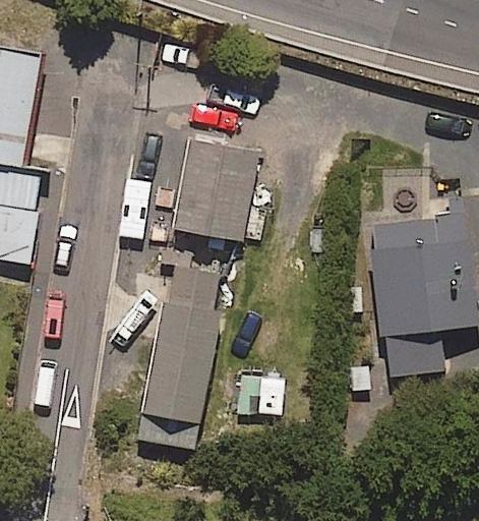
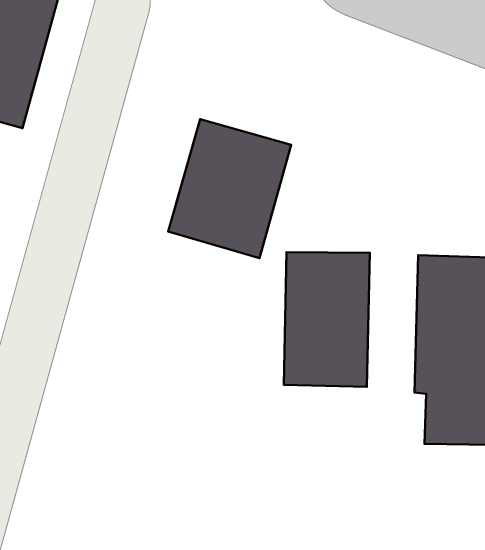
building: none -> [284,252,370,387]
building: [135,257,223,446] -> none

